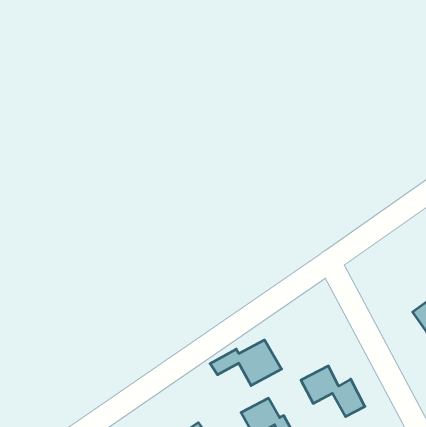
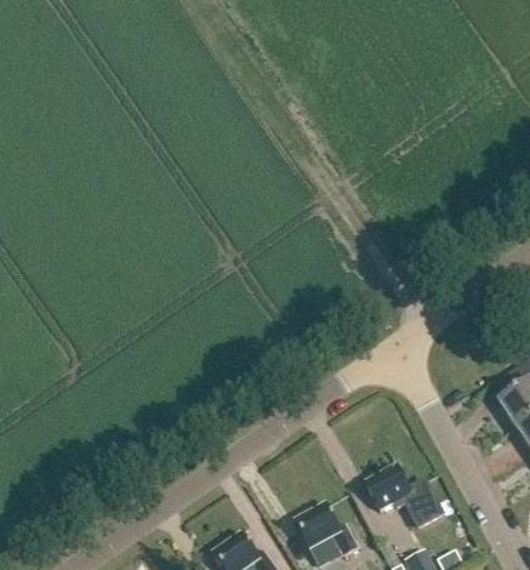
building: [210,340,282,386] -> none

